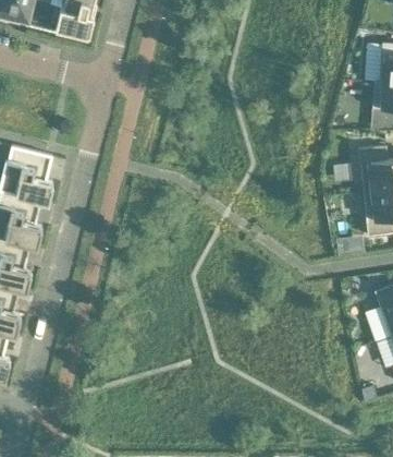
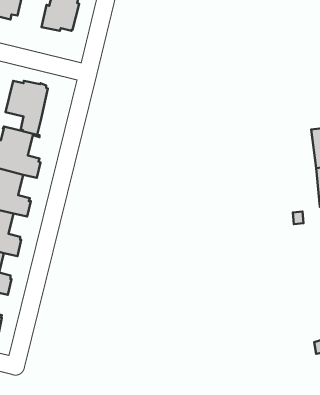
building: none -> [6,81,48,135]

